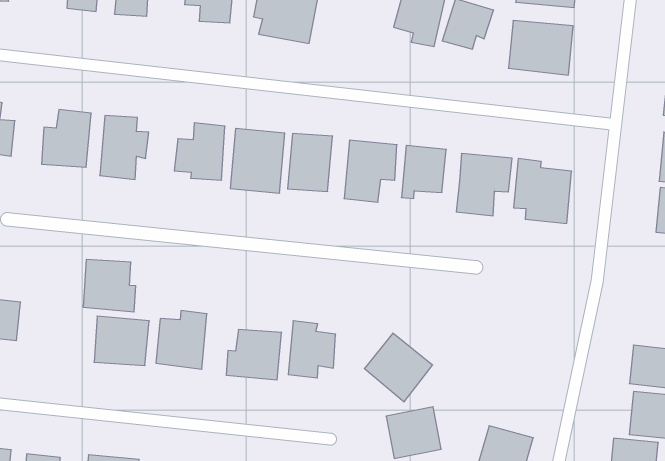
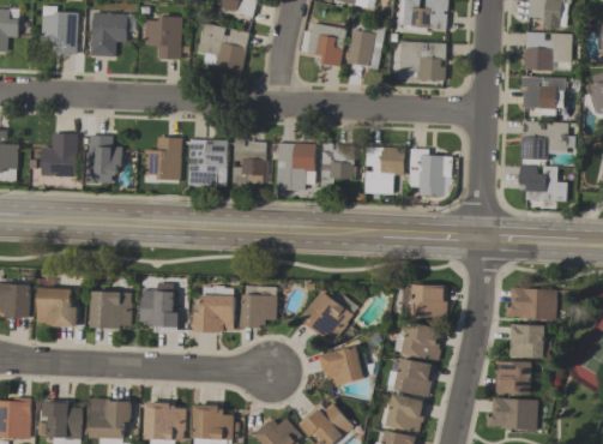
building: [83,259,136,312] -> [37,288,77,326]
building: none -> [411,284,447,317]
building: none -> [400,322,442,361]

